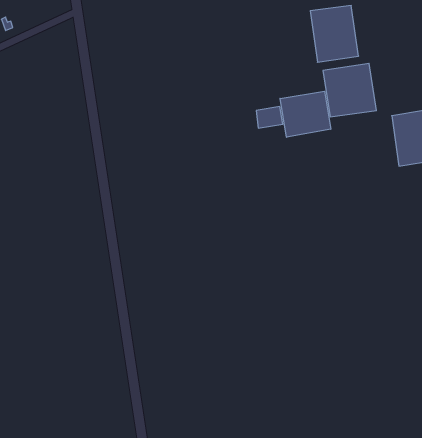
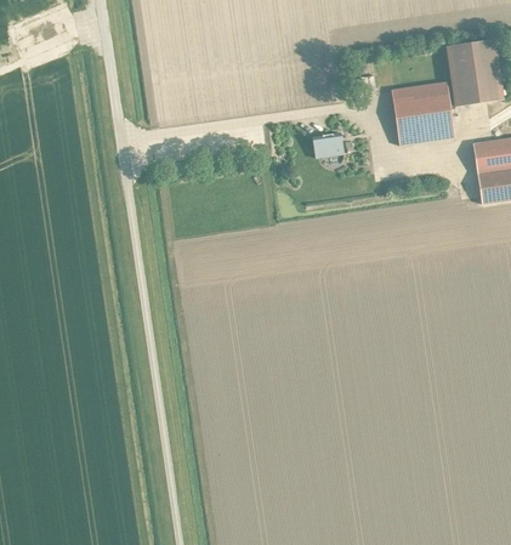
building: [310,6,359,62] -> [445,39,503,106]
building: [280,91,331,137] -> none

